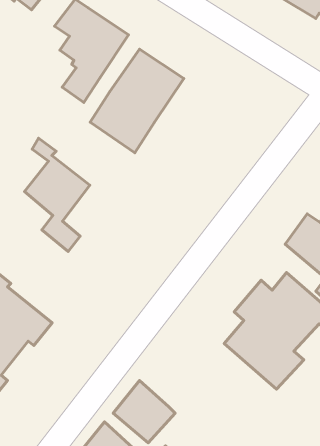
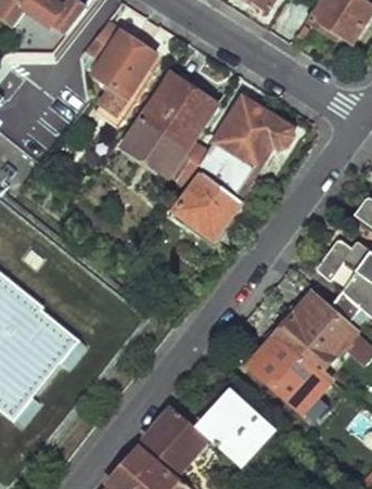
building: none -> [209,95,292,180]
building: [24,138,90,252] -> [175,154,240,267]
building: none -> [200,391,269,462]

